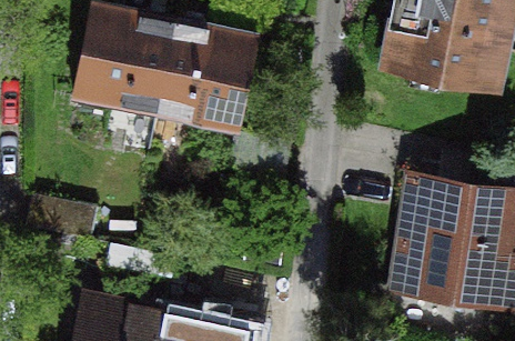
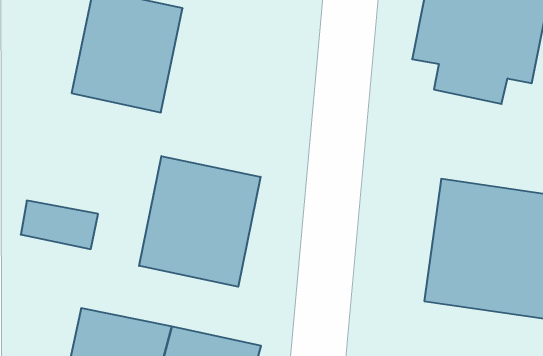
building: [155,18,258,130] -> none
building: none -> [139,156,261,287]

